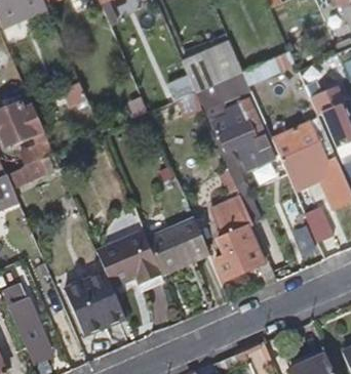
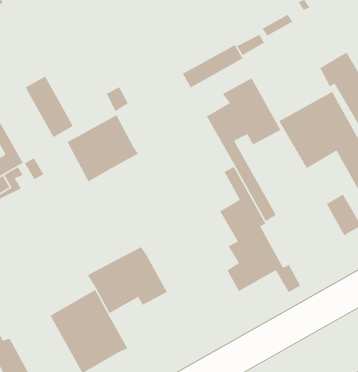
building: [182,41,242,91] -> none
building: none -> [67,114,139,182]
building: [149,219,209,274] -> none

